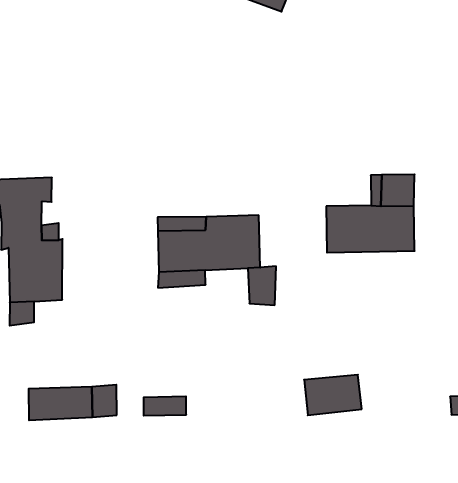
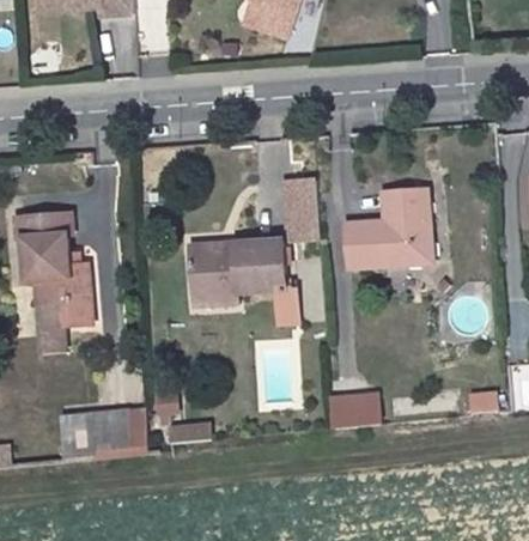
building: none -> [281,174,317,236]

